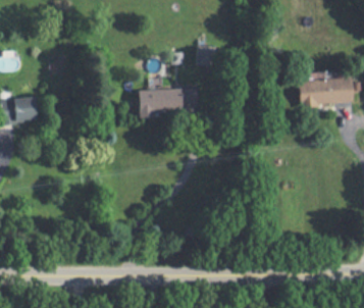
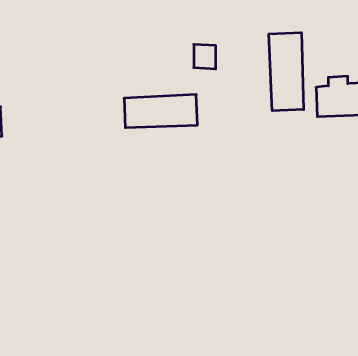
building: none -> [269,33,304,111]

